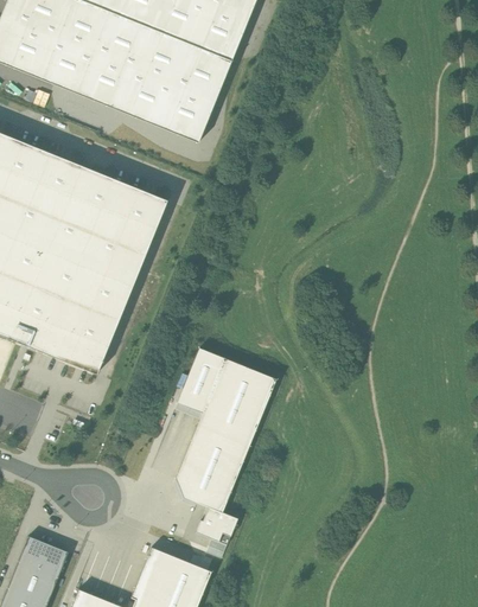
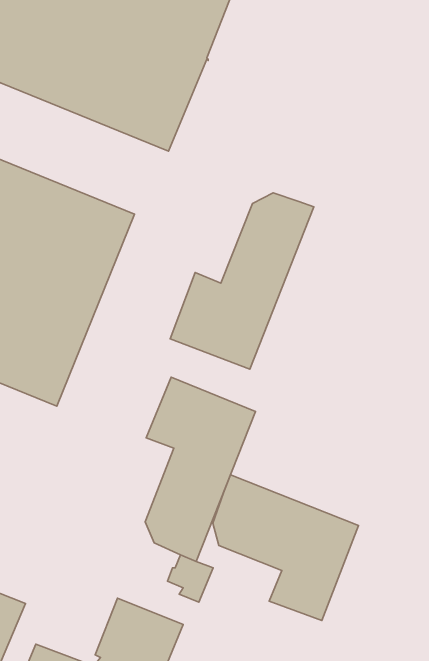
building: none -> [170,193,314,369]
building: none -> [213,475,358,621]

